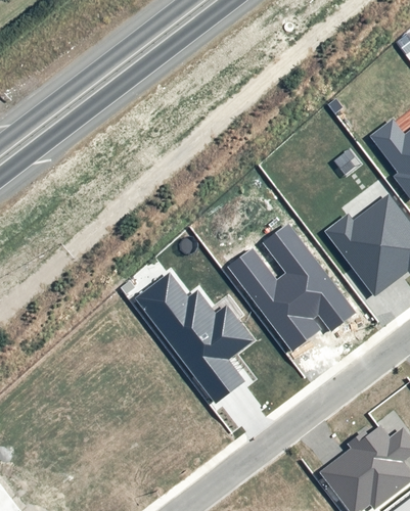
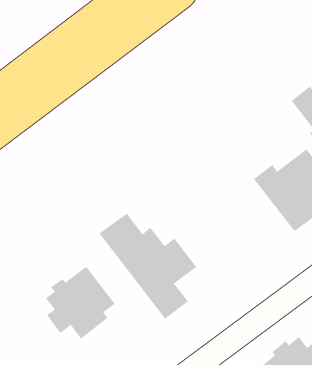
building: [226,224,356,350] -> none
building: none -> [45,266,115,339]

